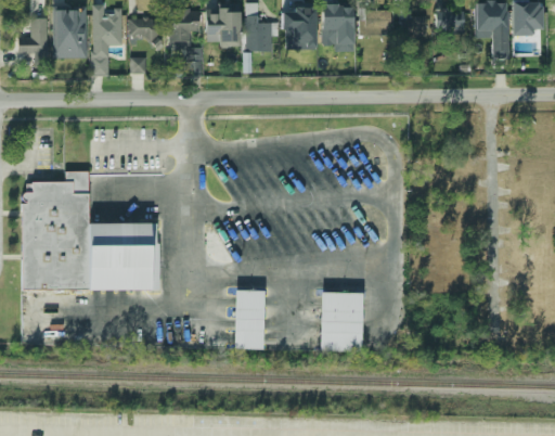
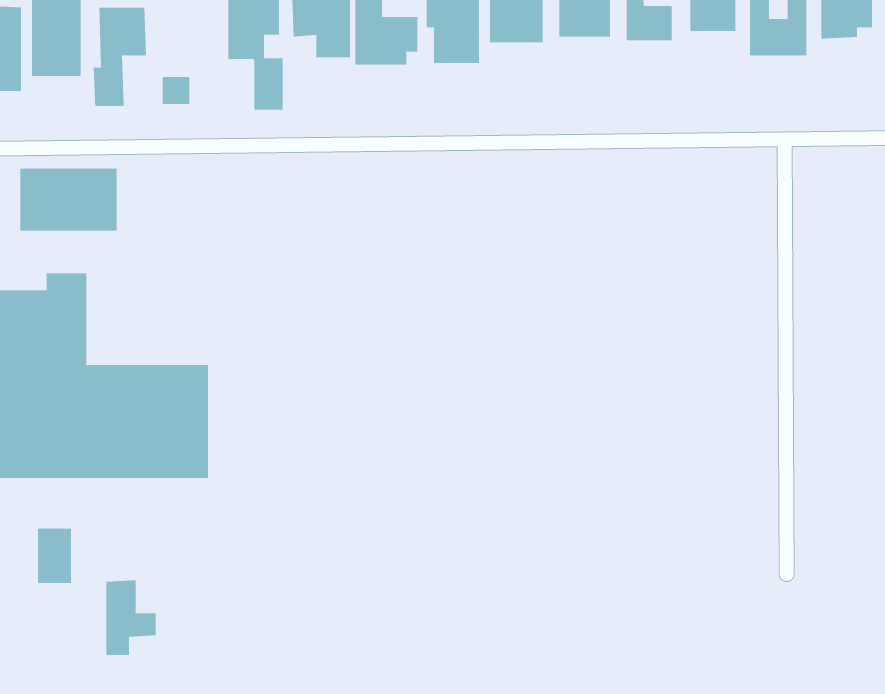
building: [131,18,158,40] -> none
building: none -> [20,168,117,232]
building: [235,290,264,348] -> none
building: [321,292,363,350] -> none
building: none -> [37,528,71,584]
building: none -> [106,579,156,656]

